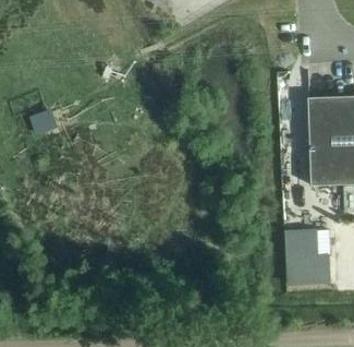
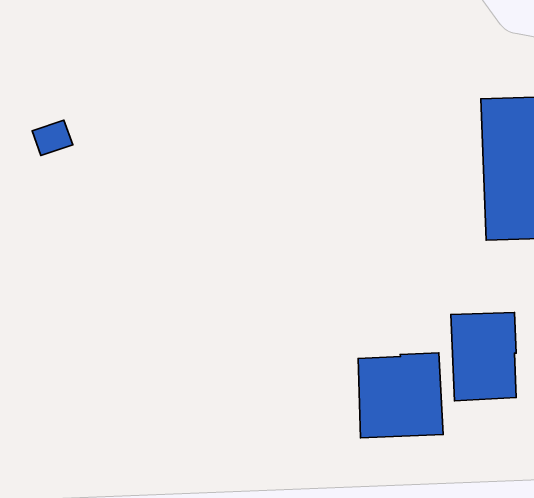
building: none -> [358,353,443,438]

